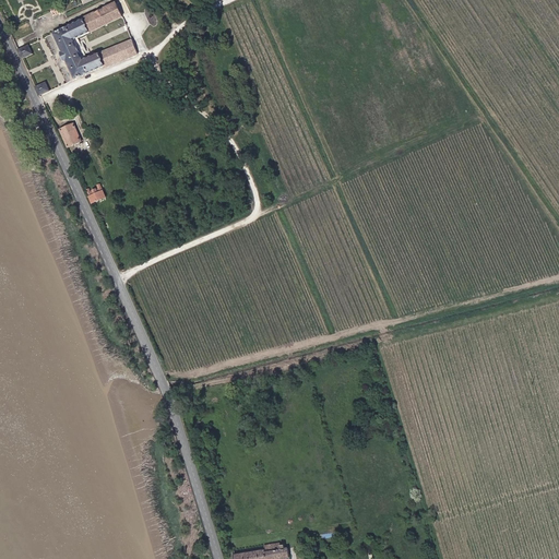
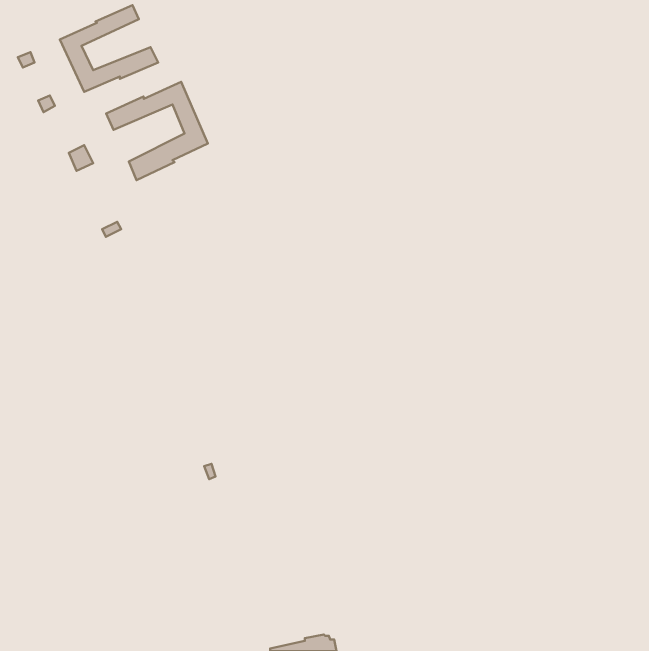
building: none -> [106,82,208,180]

